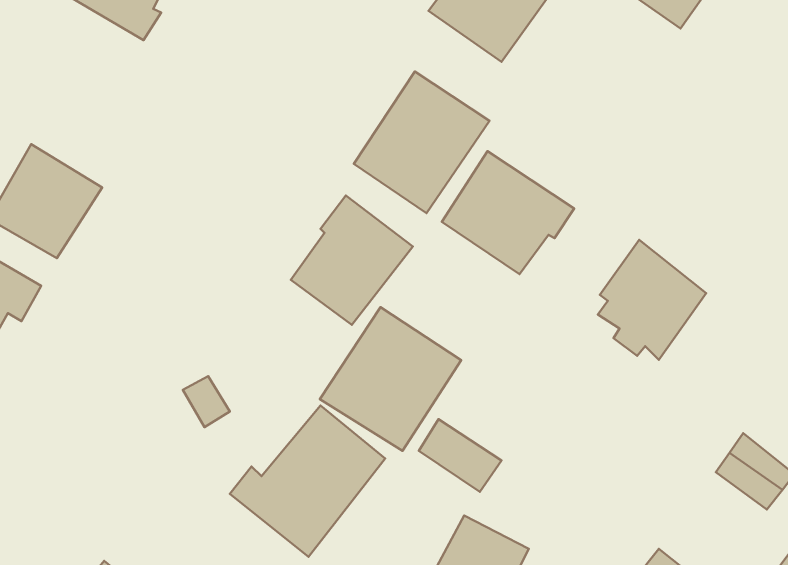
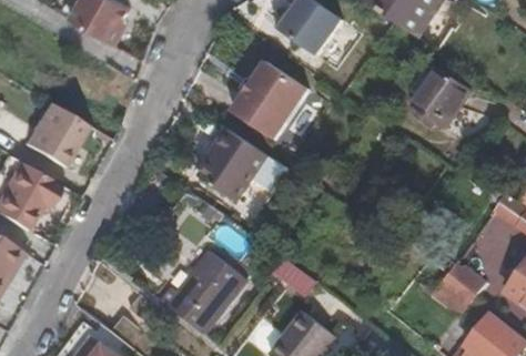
building: [442,151,574,274] -> none
building: [598,240,706,360] -> [408,61,469,129]
building: [320,307,461,451] -> none

